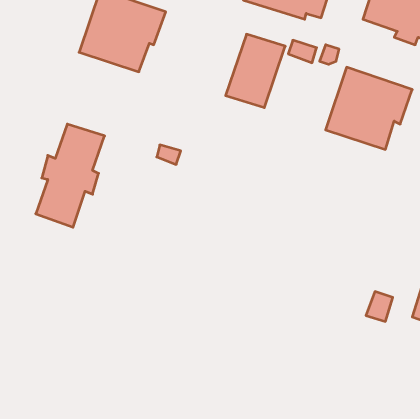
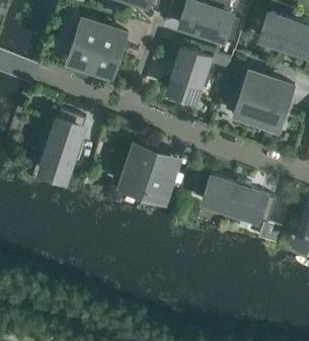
building: none -> [121,146,177,200]
building: none -> [203,178,275,225]

